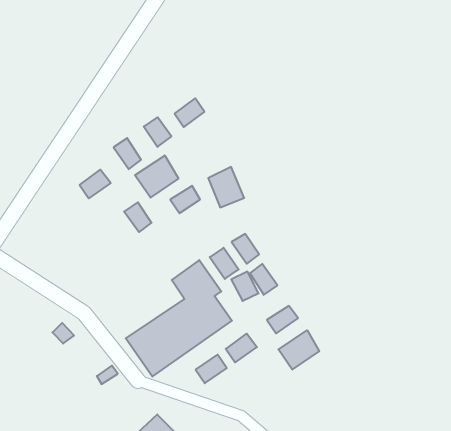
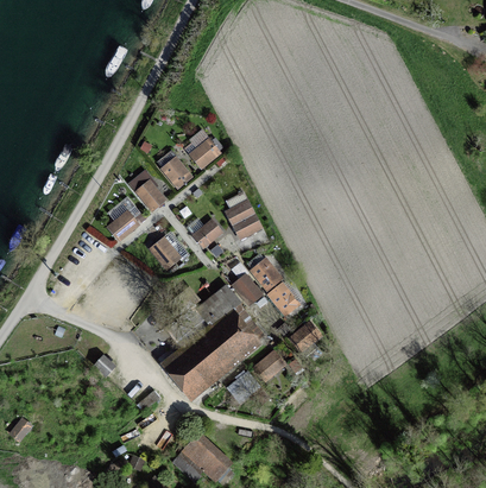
building: [135,155,178,198] -> none
building: [278,330,319,370] -> none

